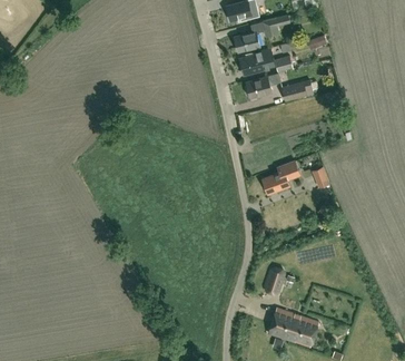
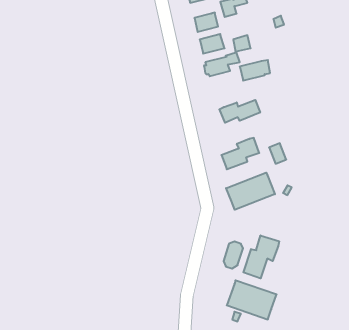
building: none -> [219,100,260,123]
building: none -> [226,173,275,210]
building: none -> [243,235,279,278]

